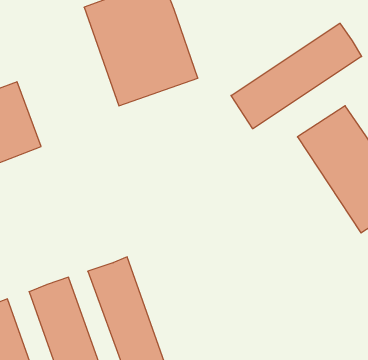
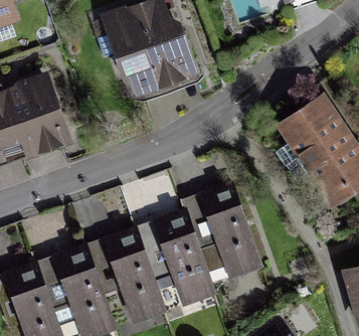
building: [231,23,362,129] -> none
building: none -> [202,183,266,283]
building: none -> [155,206,219,306]

